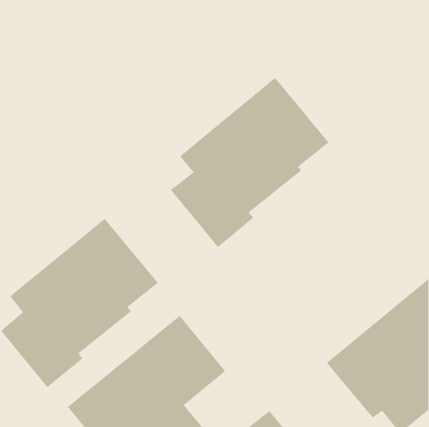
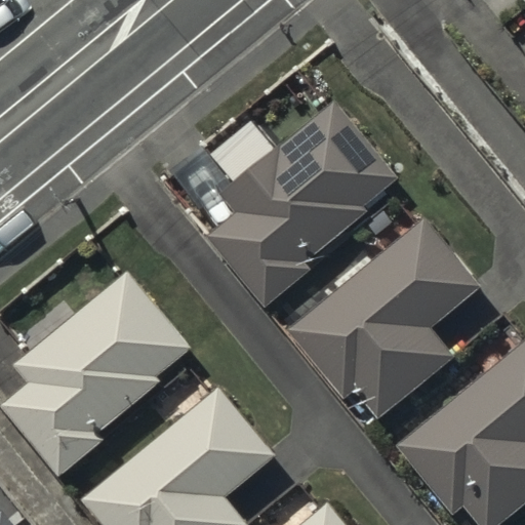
building: none -> [287,218,481,419]

